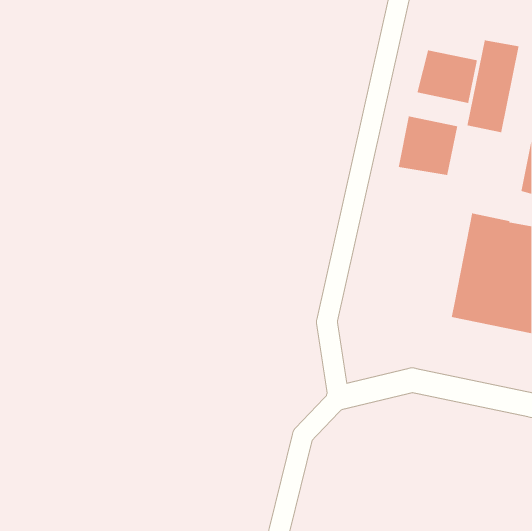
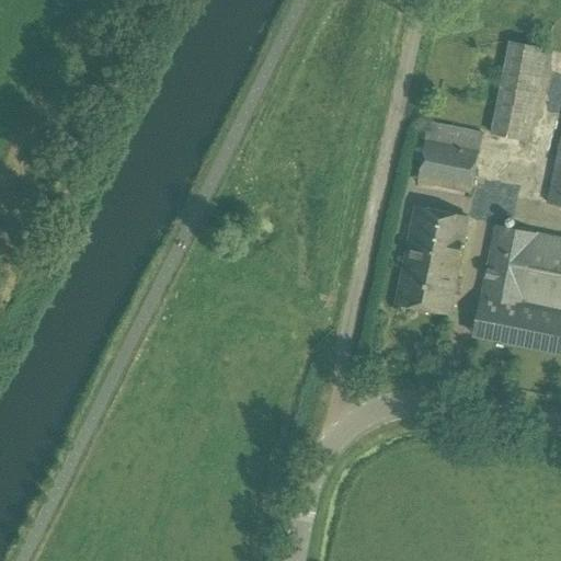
building: [416,49,478,104] -> none
building: none -> [398,206,468,313]

